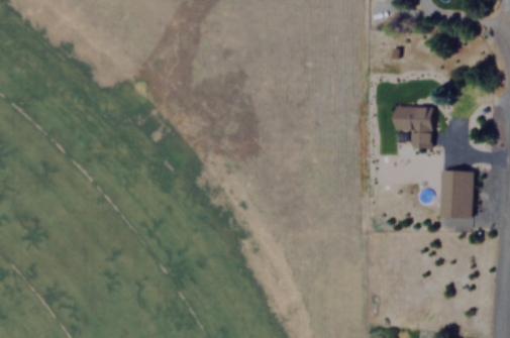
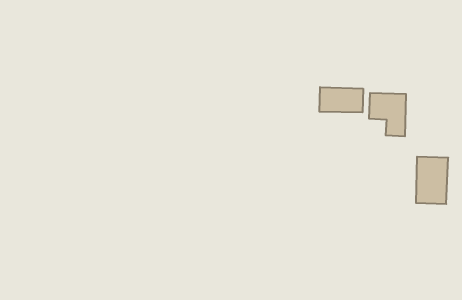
building: none -> [319,87,363,112]

